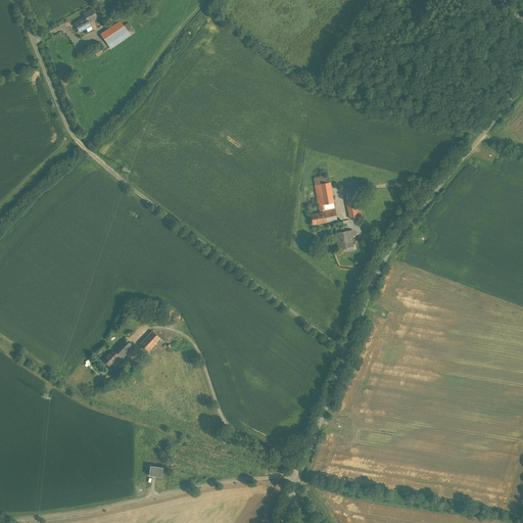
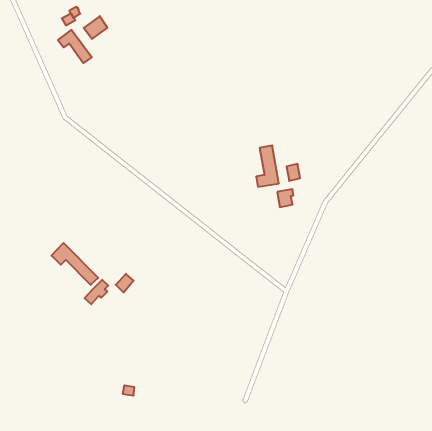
building: none -> [58,30,92,63]
building: none -> [51,243,98,285]

